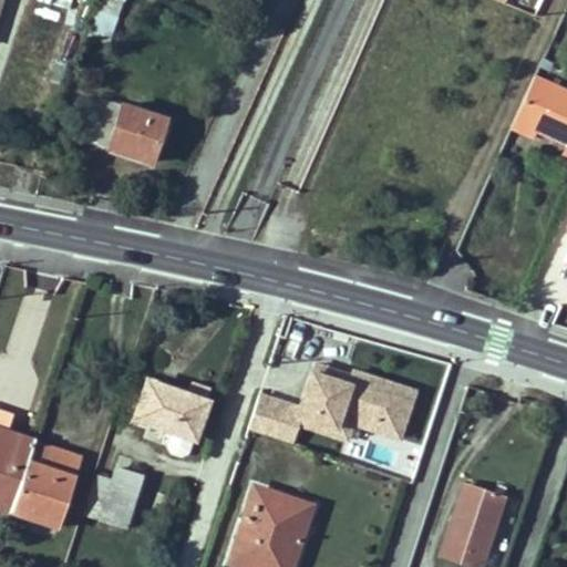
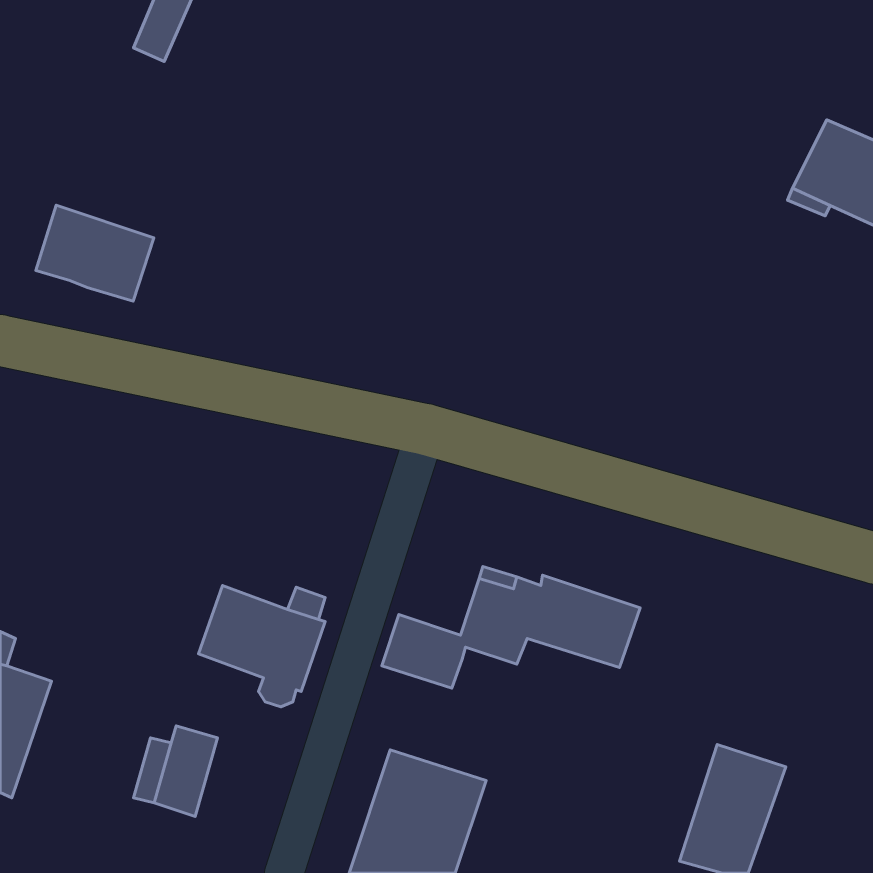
building: [89,96,165,158] -> [36,205,154,301]
building: [300,413,402,442] -> none
building: [9,441,82,533] -> none

